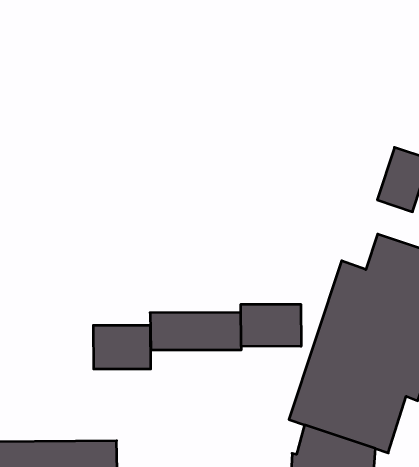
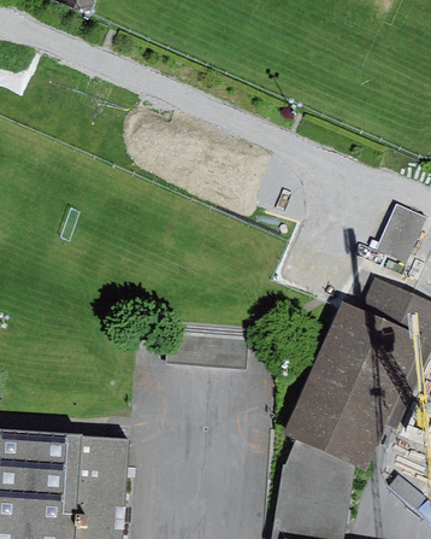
building: [241,304,301,346] -> none
building: [93,325,151,369] -> none

